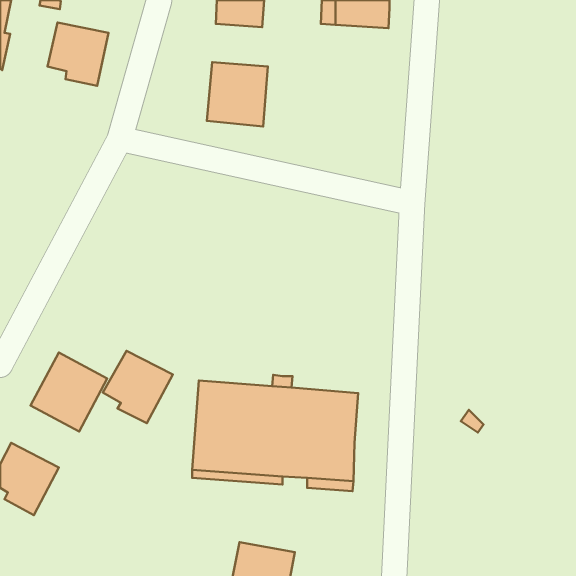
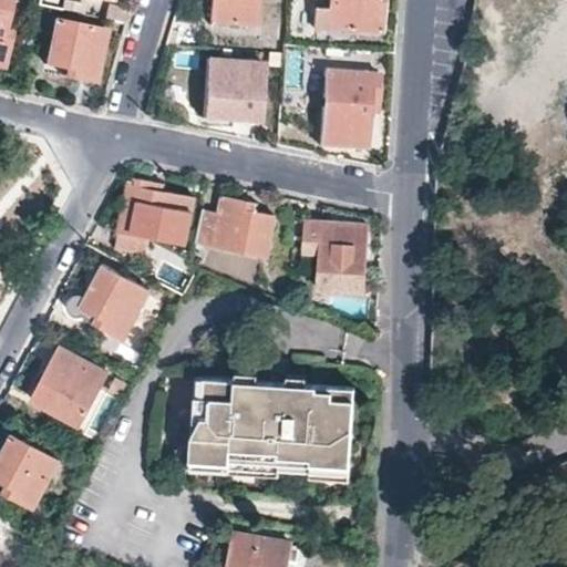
building: none -> [322,71,379,147]
building: none -> [116,178,194,255]
building: none -> [197,197,275,256]
building: none -> [305,221,369,296]
building: [103,351,173,423] -> [81,266,150,337]

